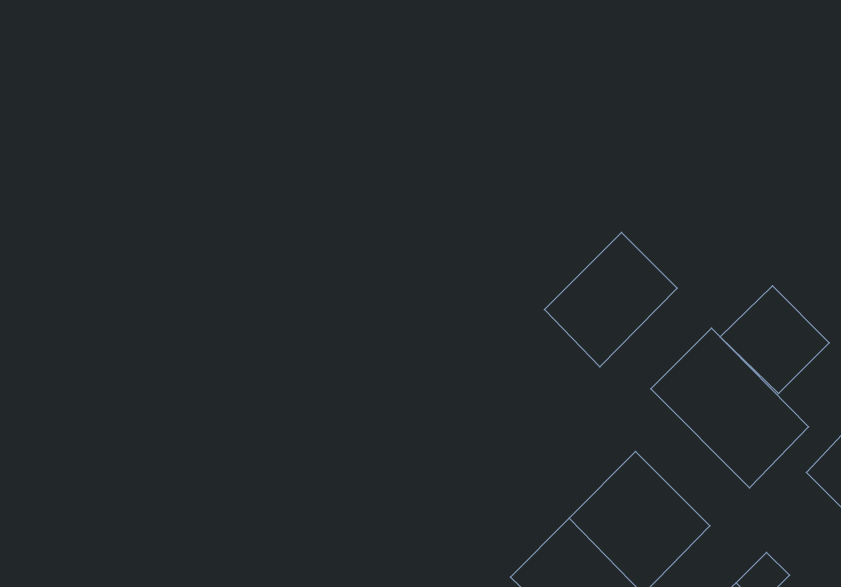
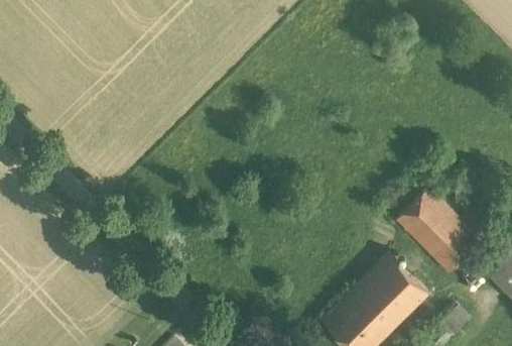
building: [544,232,677,367] -> none
building: [720,286,829,394] -> none

